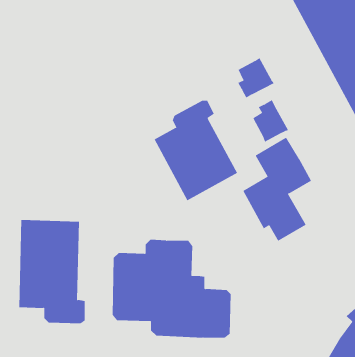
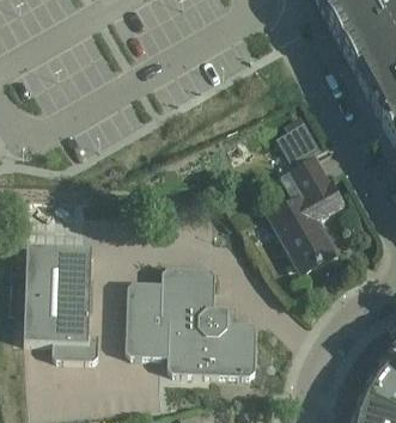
building: [237,57,274,99] -> none
building: [154,100,238,201] -> none

